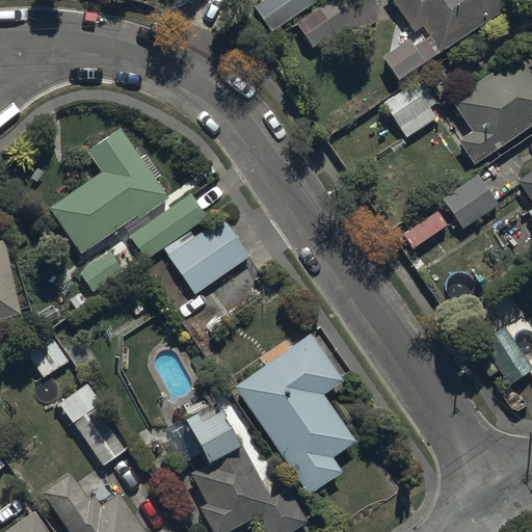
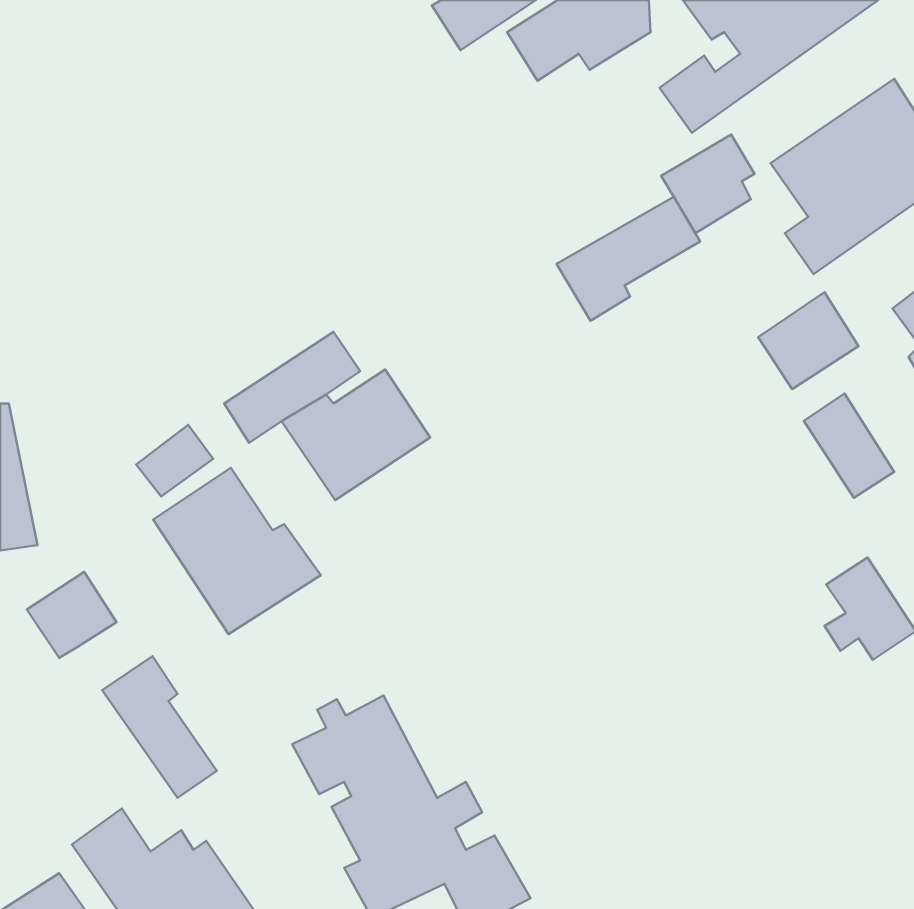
building: none -> [557,197,700,321]
building: [52,129,171,252] -> none
building: none -> [804,393,894,498]
building: none -> [153,468,321,634]
building: [235,332,358,495] -> none

